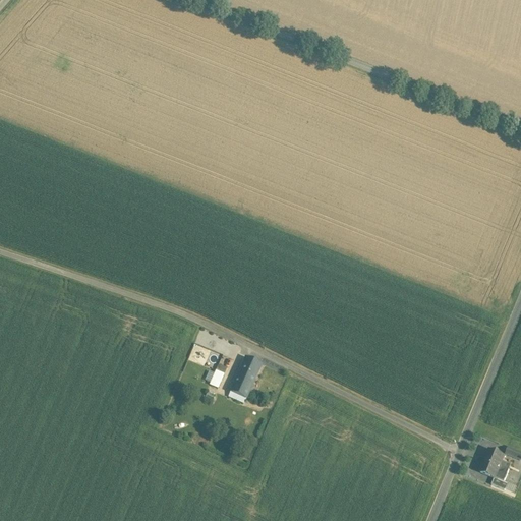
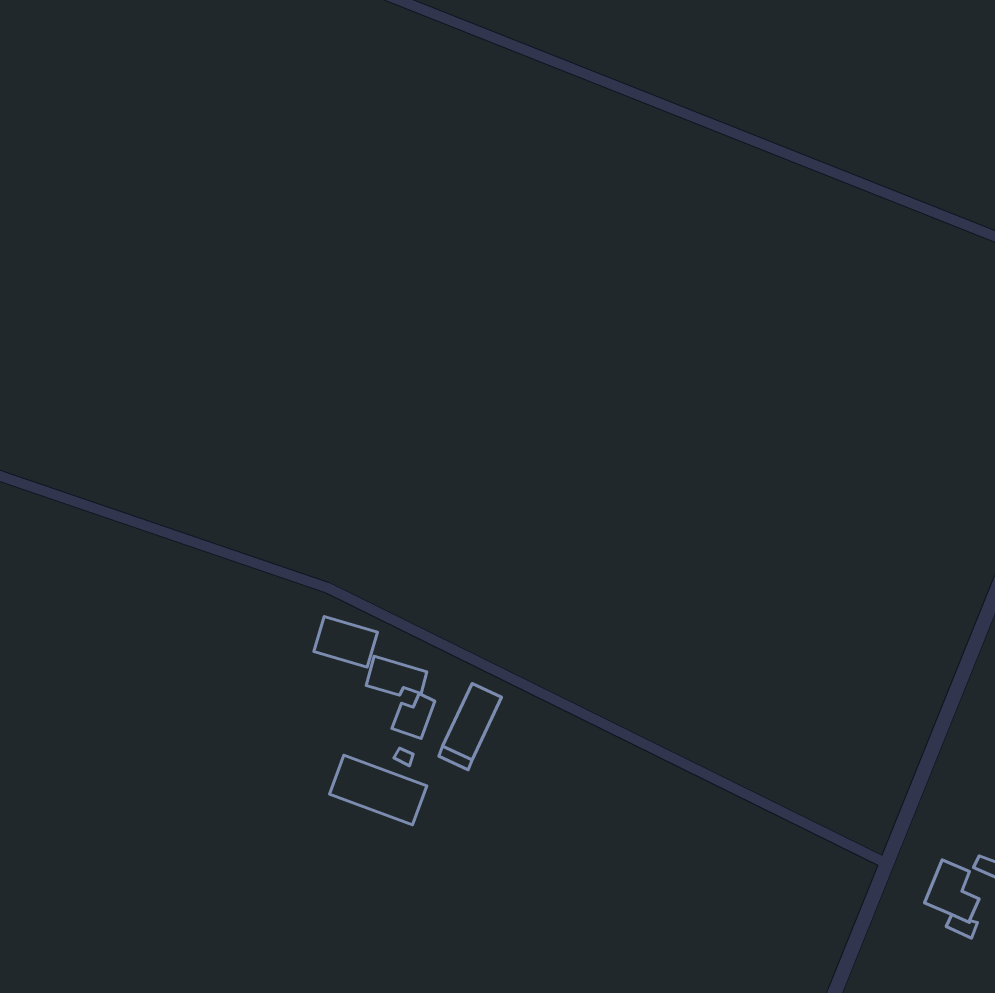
building: none -> [314,616,377,667]
building: none -> [329,755,427,825]

